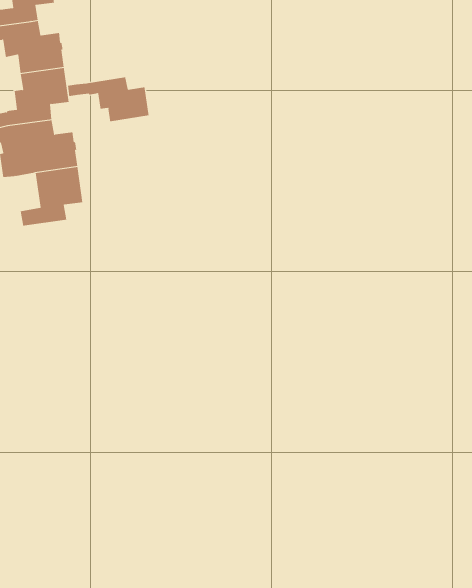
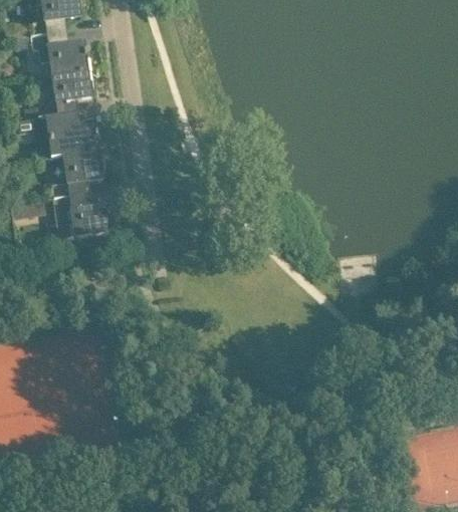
building: [68,77,149,122] -> none
building: none -> [55,194,111,240]

